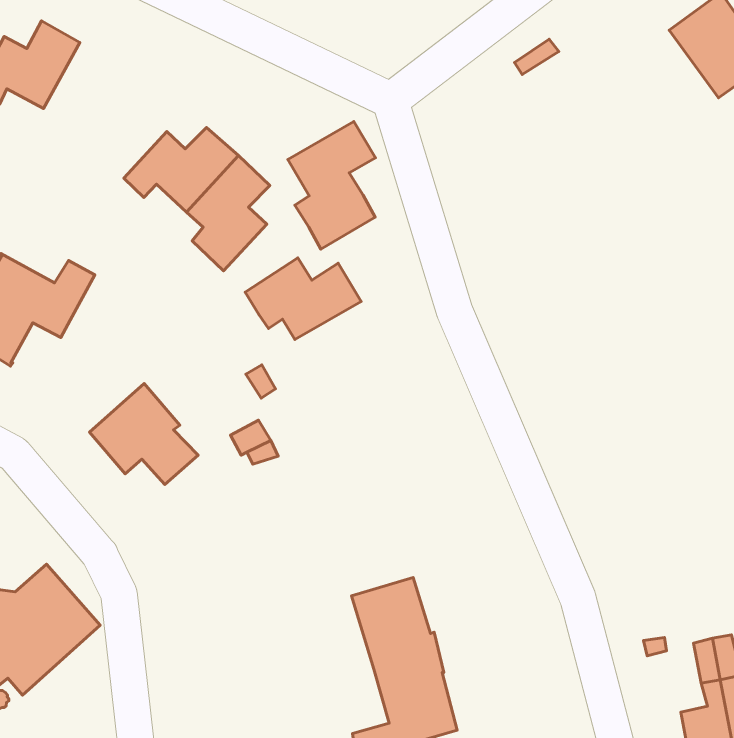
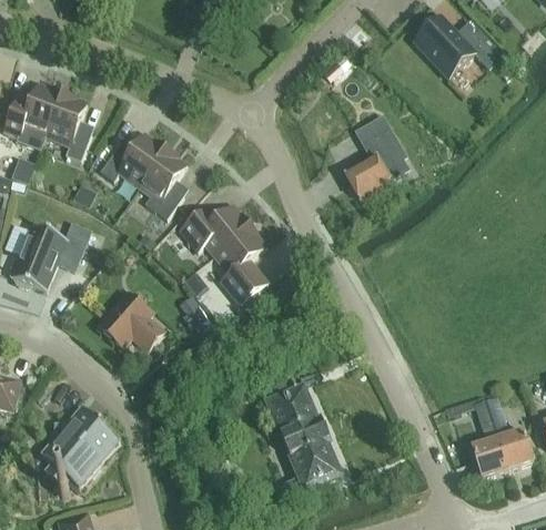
building: none -> [47,93,94,161]
building: [288,122,375,249] -> [214,226,271,305]
building: none -> [345,129,407,198]

